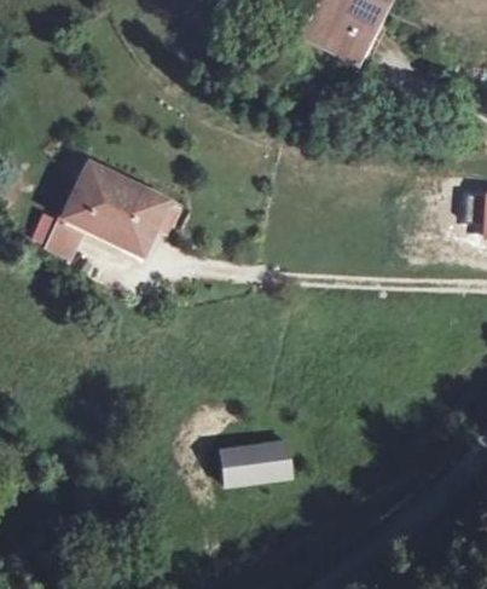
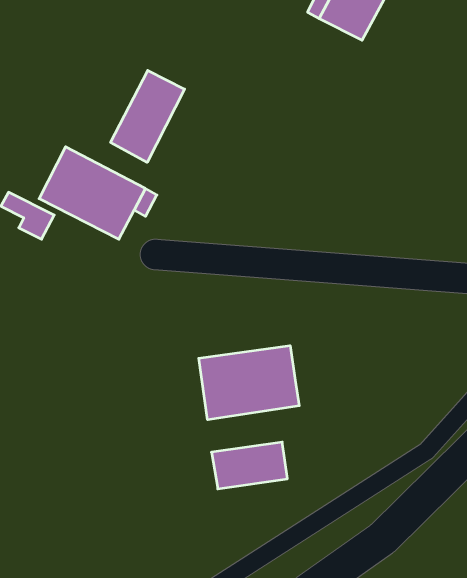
building: none -> [111,70,185,162]
building: none -> [199,346,299,420]

